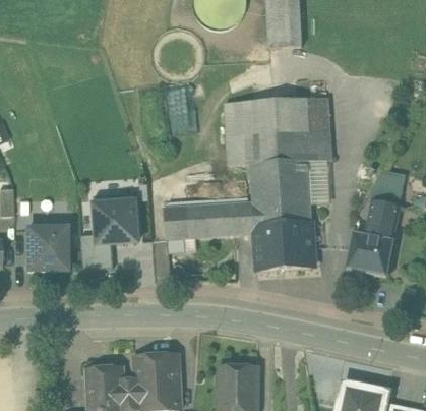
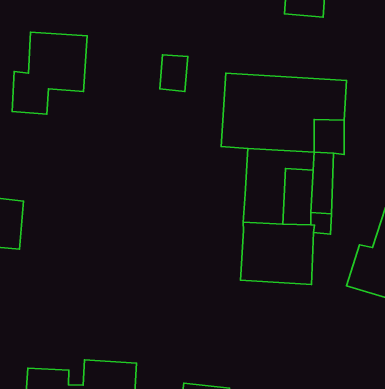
building: [80,195,140,266] -> [12,32,87,114]
building: [163,195,254,238] -> none

